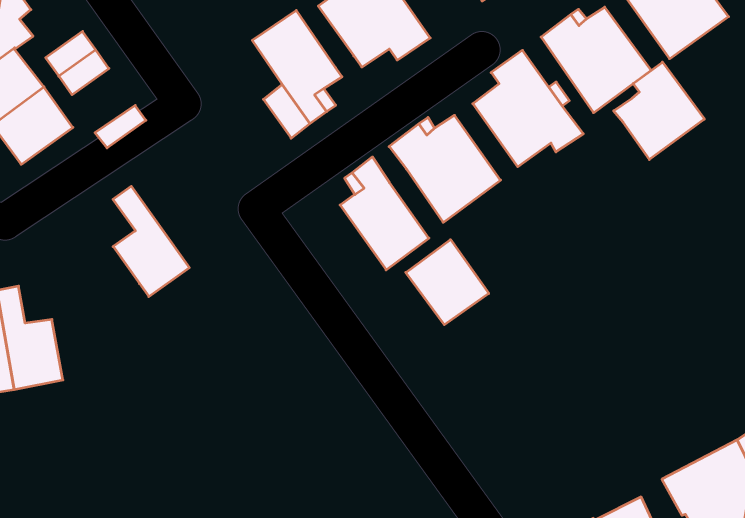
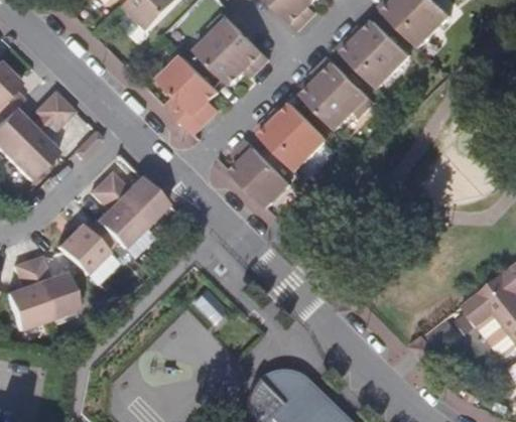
building: [614,62,704,160] -> none
building: none -> [101,172,167,227]
building: [406,240,489,325] -> none
building: none -> [57,222,116,275]

